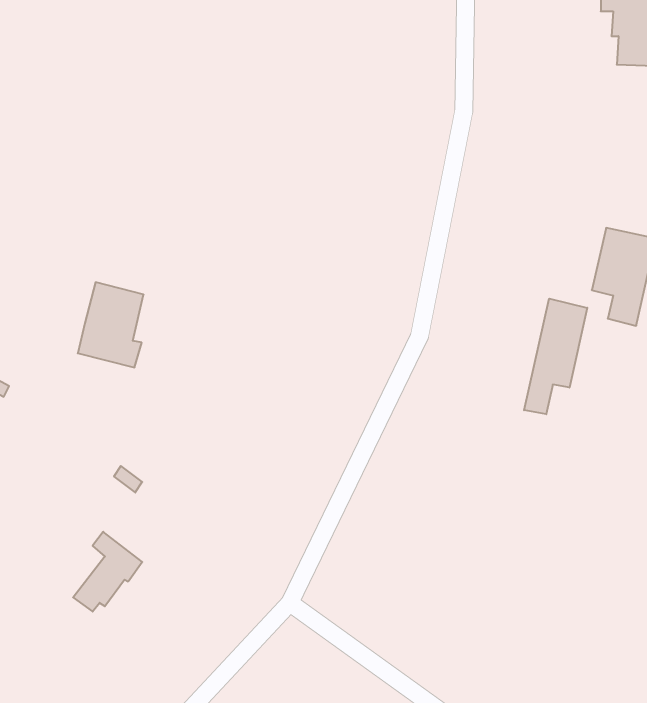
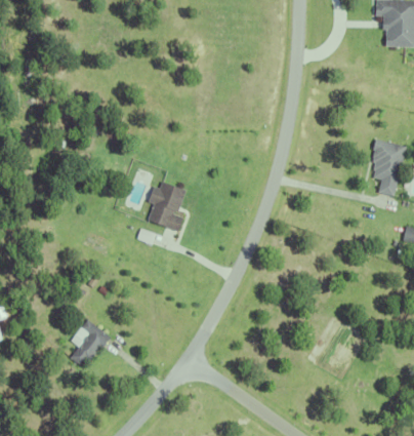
building: [78,282,144,367] -> [152,182,190,231]
building: [524,299,587,414] -> none

